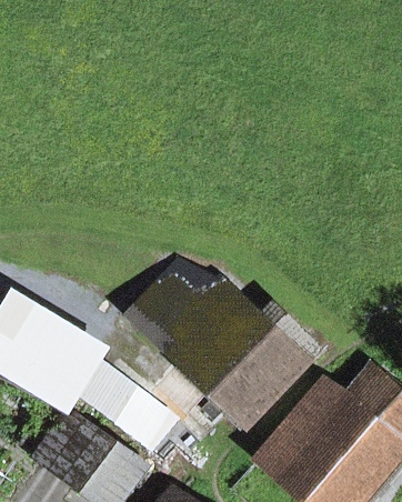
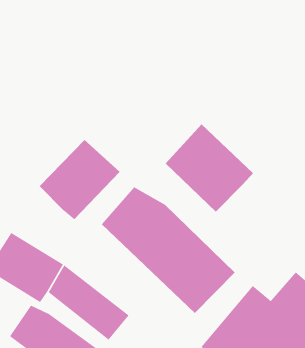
building: none -> [165,124,254,212]
building: none -> [39,139,120,220]

